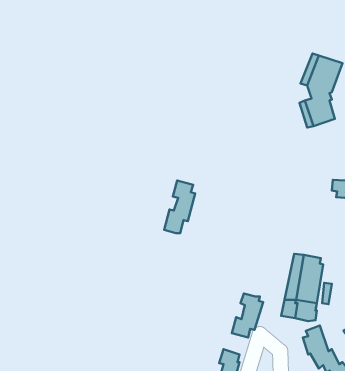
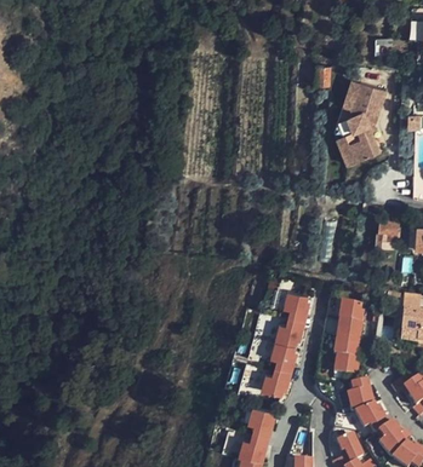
building: [164,181,195,233] -> [279,286,314,345]

